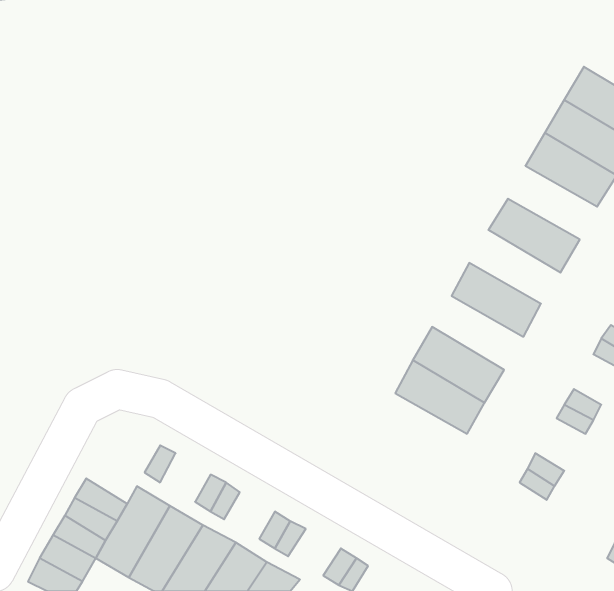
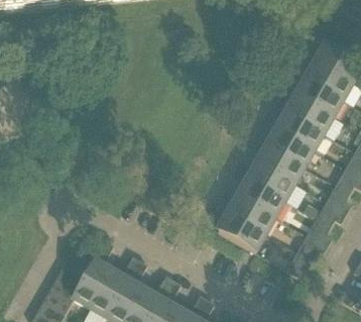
building: none -> [287,88,334,126]
building: none -> [267,121,315,159]
building: none -> [248,155,295,194]
building: none -> [219,206,266,245]

